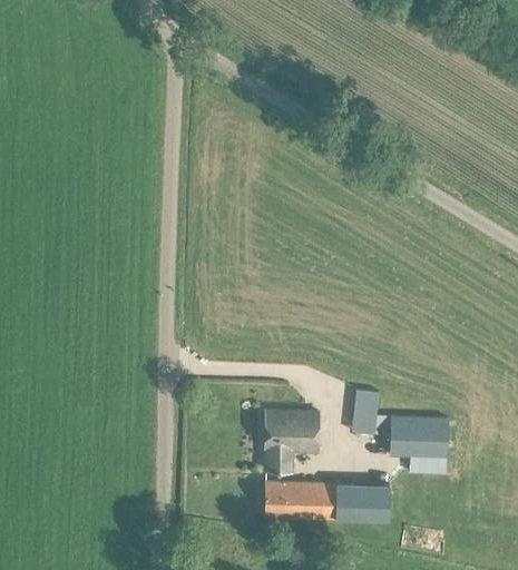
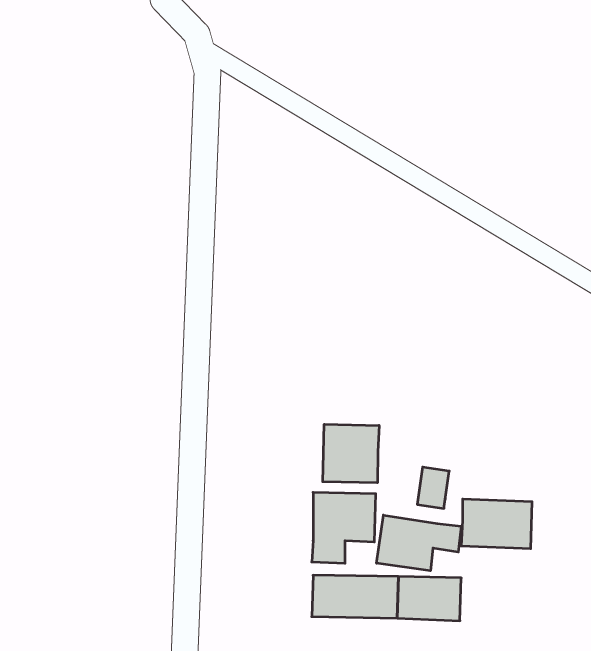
building: none -> [323,424,379,483]
building: none -> [377,515,461,571]

